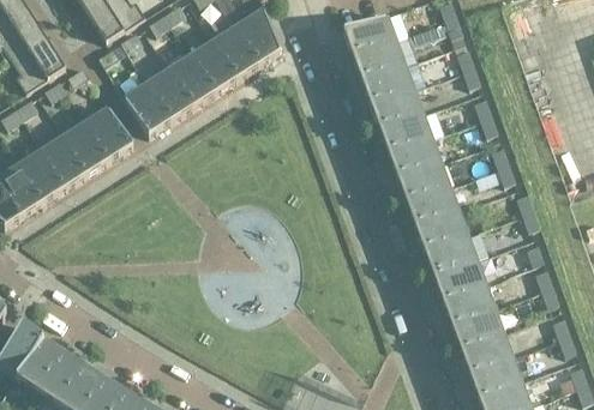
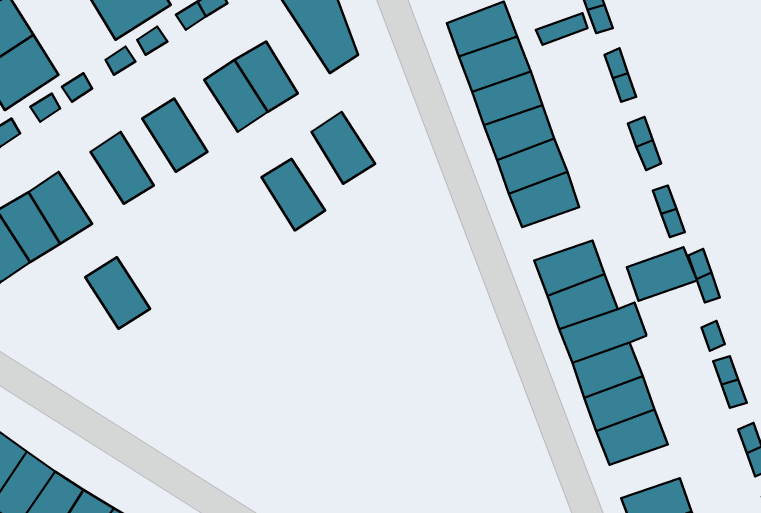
building: [214,28,259,79] -> [311,112,375,184]
building: [148,70,193,121] -> [261,159,325,231]
building: [65,121,112,173] -> [85,257,150,329]
building: [397,161,448,199] -> [627,247,697,301]
building: [460,331,510,369] -> none

